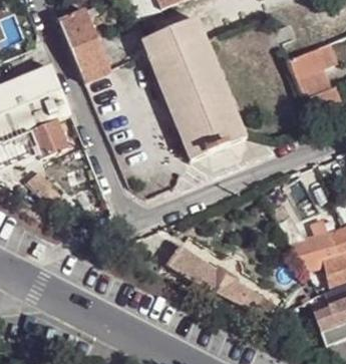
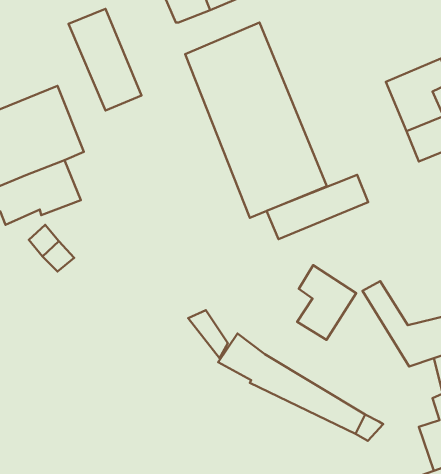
building: none -> [267,175,368,239]
building: none -> [297,265,356,340]

